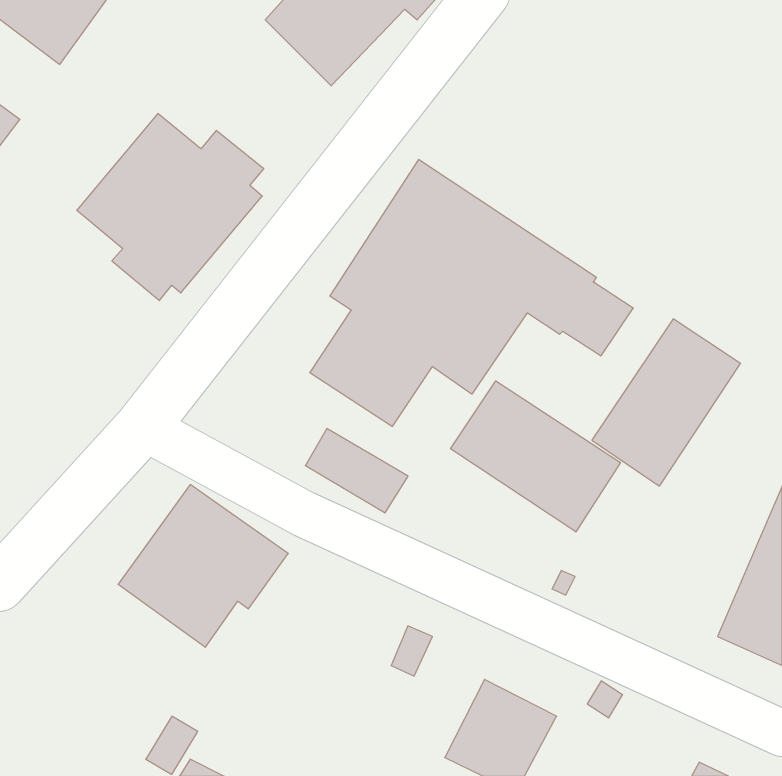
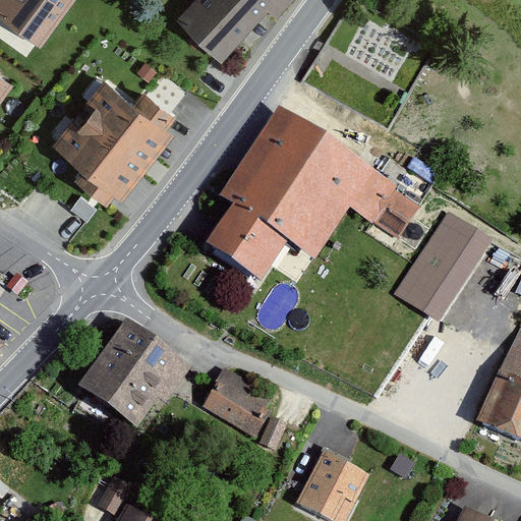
building: [451,381,620,532] -> none
building: [305,429,408,513] -> [202,381,271,437]

